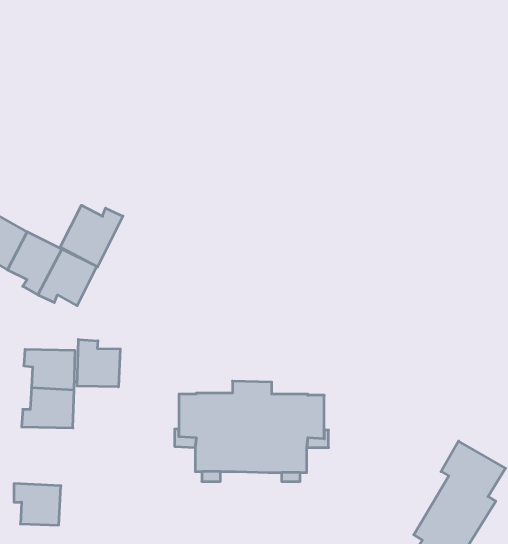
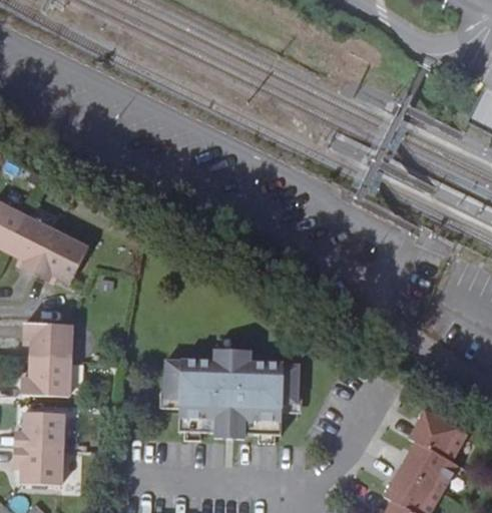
building: [60,205,123,267] -> none
building: [77,339,120,387] -> none
building: none -> [16,411,60,448]

